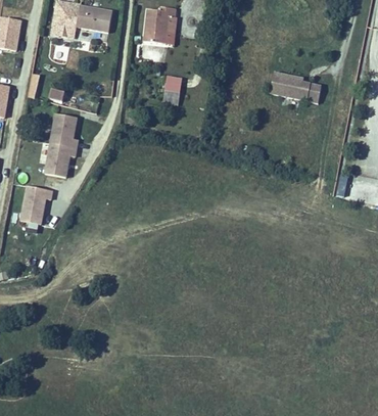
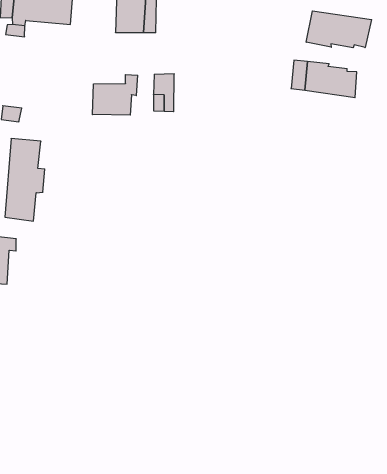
building: none -> [306,11,372,48]
building: none -> [92,75,138,115]

